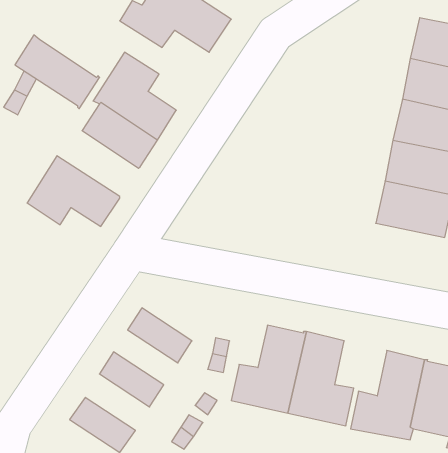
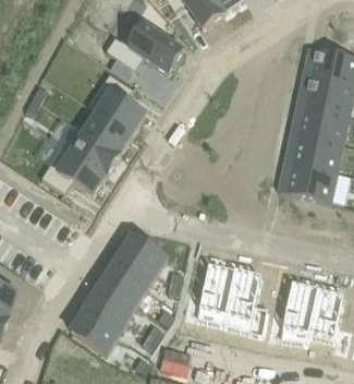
building: [15,35,100,109] -> [62,125,121,177]
building: none -> [121,236,167,275]
building: none -> [101,267,146,305]
building: none -> [82,298,126,337]

